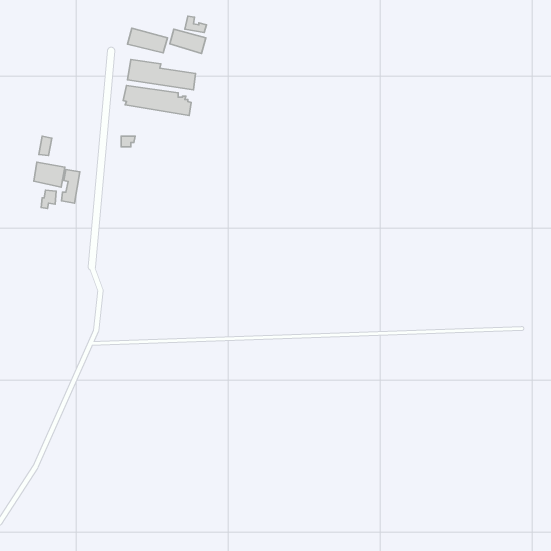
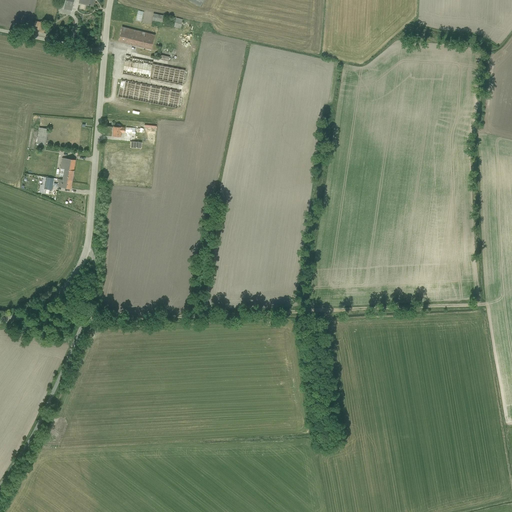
building: [170,29,206,54] -> none
building: [34,162,65,187] -> none

